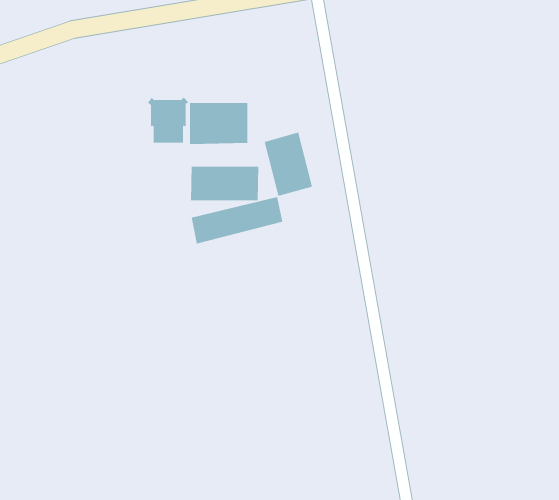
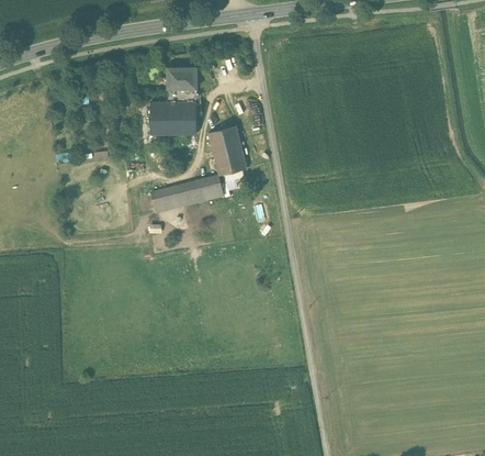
building: [147,97,189,143] -> [166,65,199,101]
building: [190,166,259,201] -> none

